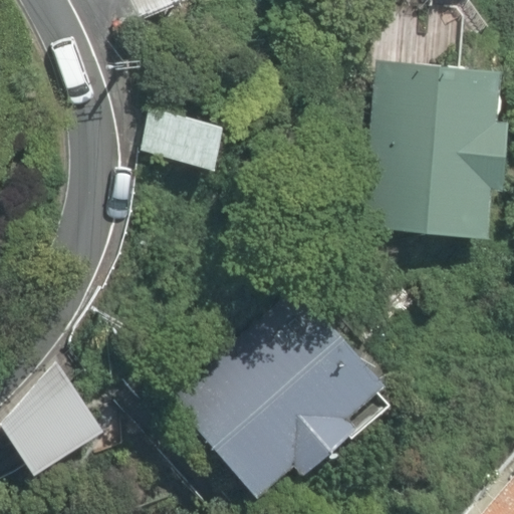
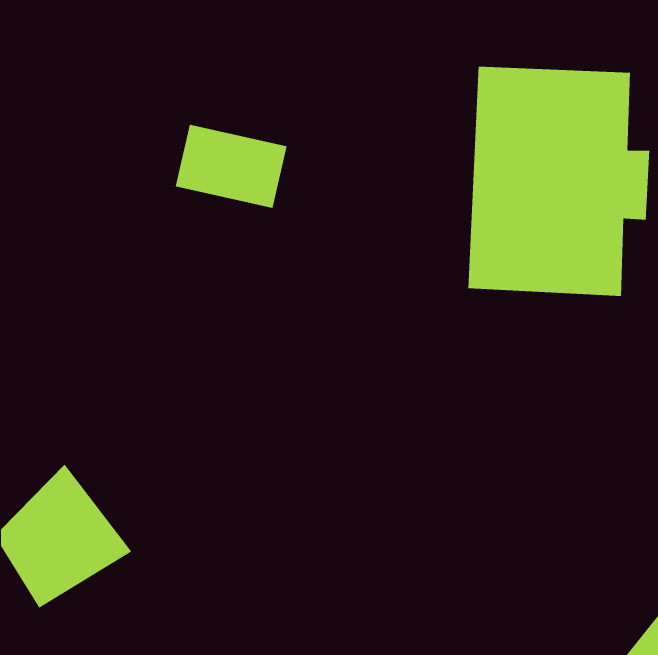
building: [192,315,384,497] -> none

